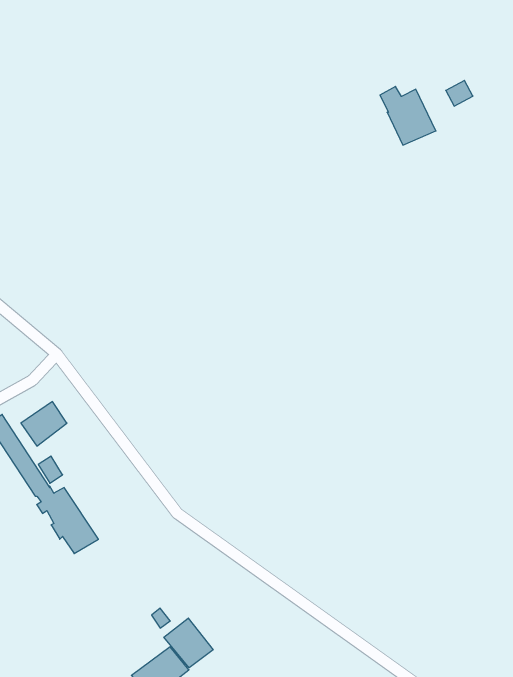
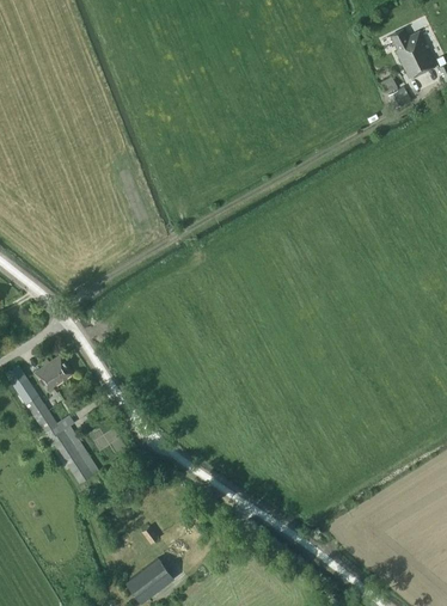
building: [380,86,436,145] -> [391,30,437,79]
building: [164,618,213,668] -> none

